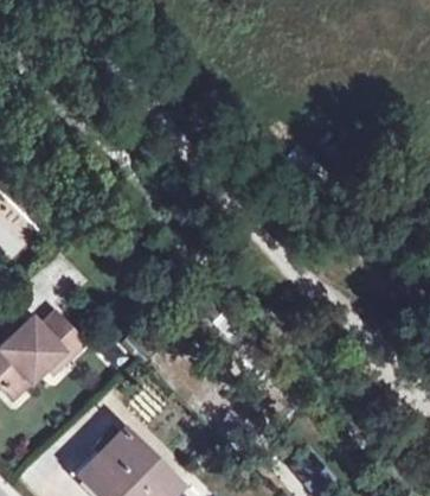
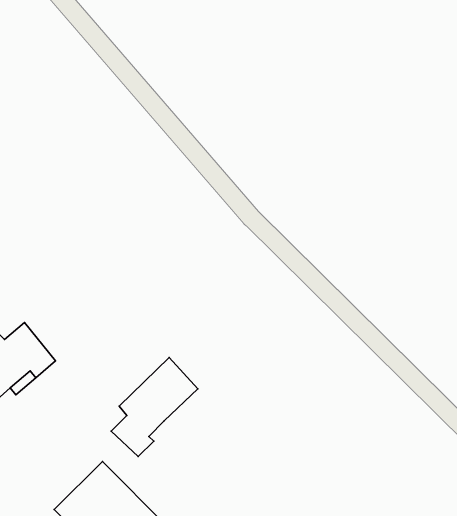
building: none -> [111,357,198,457]

